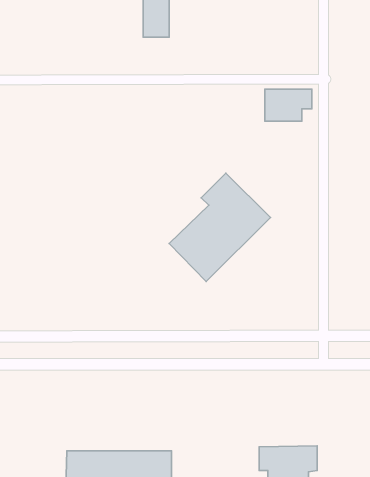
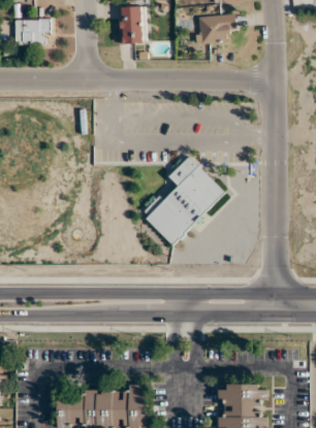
building: none -> [14,20,49,45]
building: [265,89,312,121] -> [196,17,235,43]

